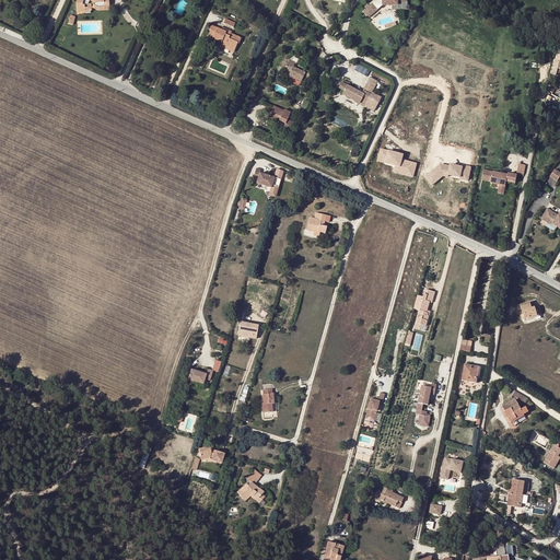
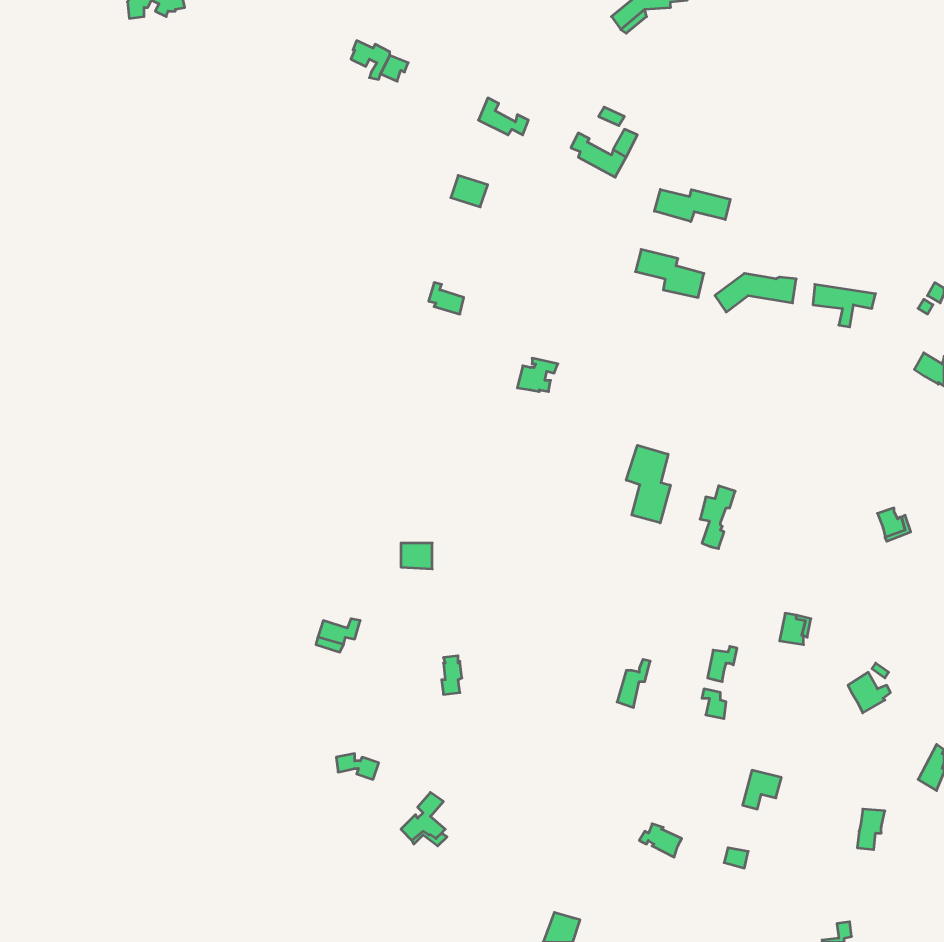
building: none -> [654,189,730,222]
building: none -> [626,445,670,523]

